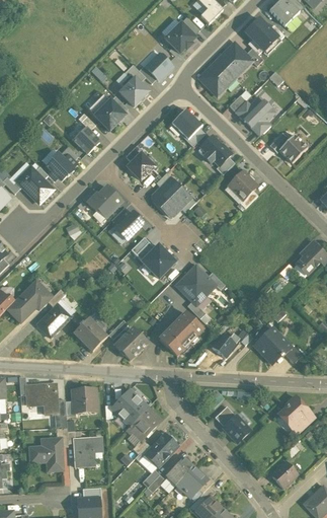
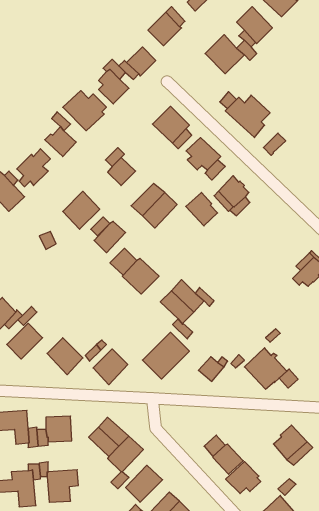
building: [198,60,235,96] -> none
building: [278,134,308,163] -> none
building: none -> [186,192,218,226]
building: none -> [226,462,261,494]

